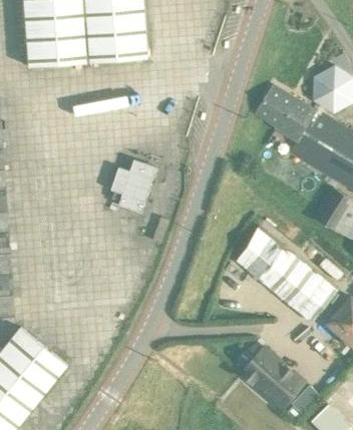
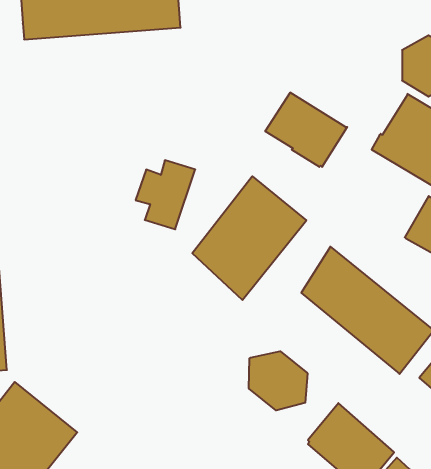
building: [255,84,317,140] -> [265,93,347,167]
building: none -> [192,176,306,300]
building: none -> [249,351,307,410]

